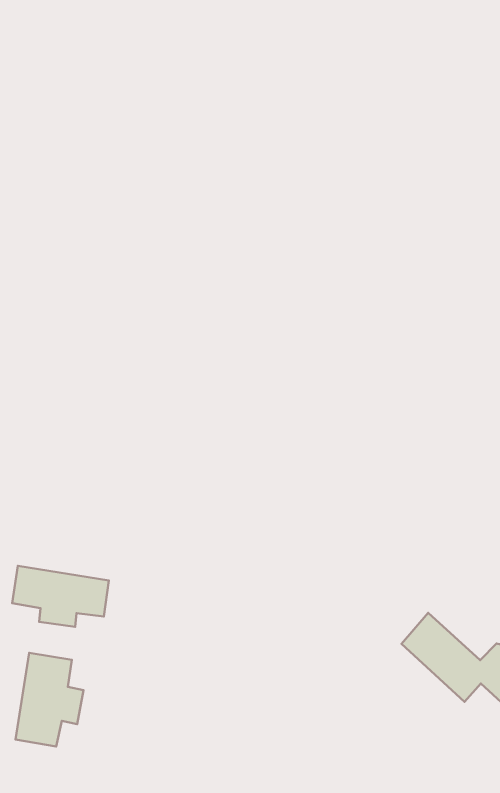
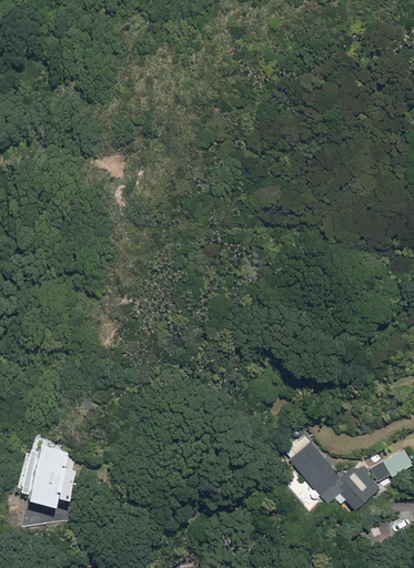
building: [12,566,109,627] -> none

